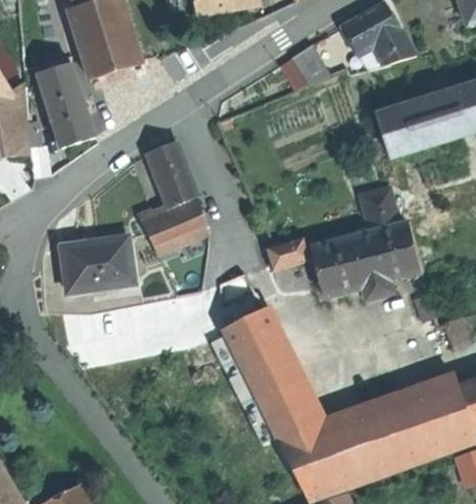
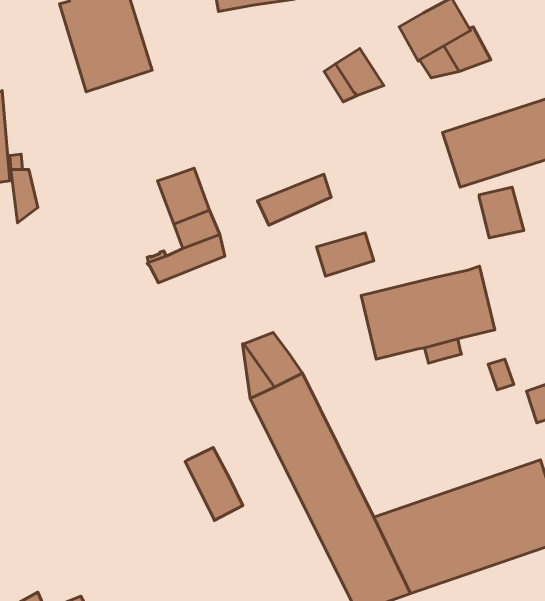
building: [36,61,95,146] -> none
building: [362,189,398,230] -> [479,187,524,238]
building: [147,212,207,254] -> [257,174,331,225]
building: [263,235,309,270] -> [317,233,374,276]
building: [61,236,133,290] -> none
building: none -> [185,447,243,521]

